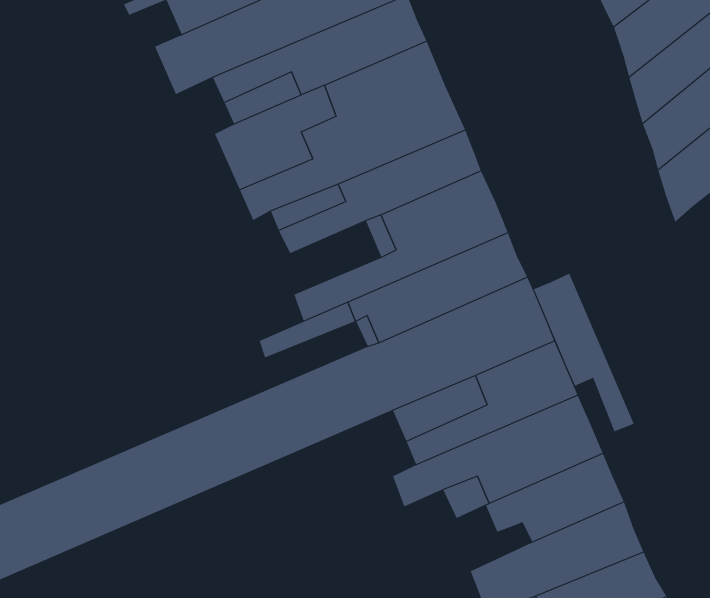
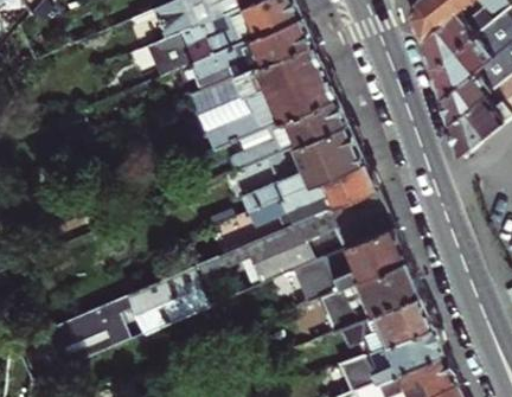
building: [533,273,634,432] -> none

